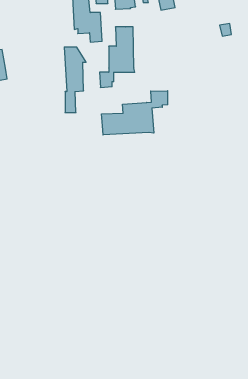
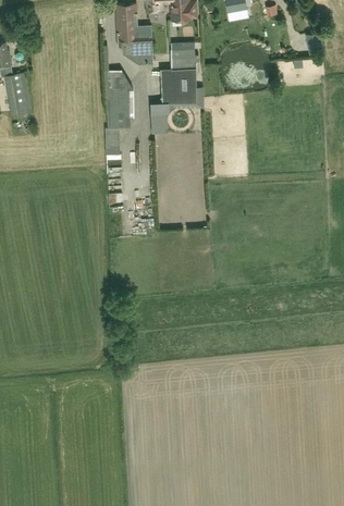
building: [102,91,168,135] -> none

